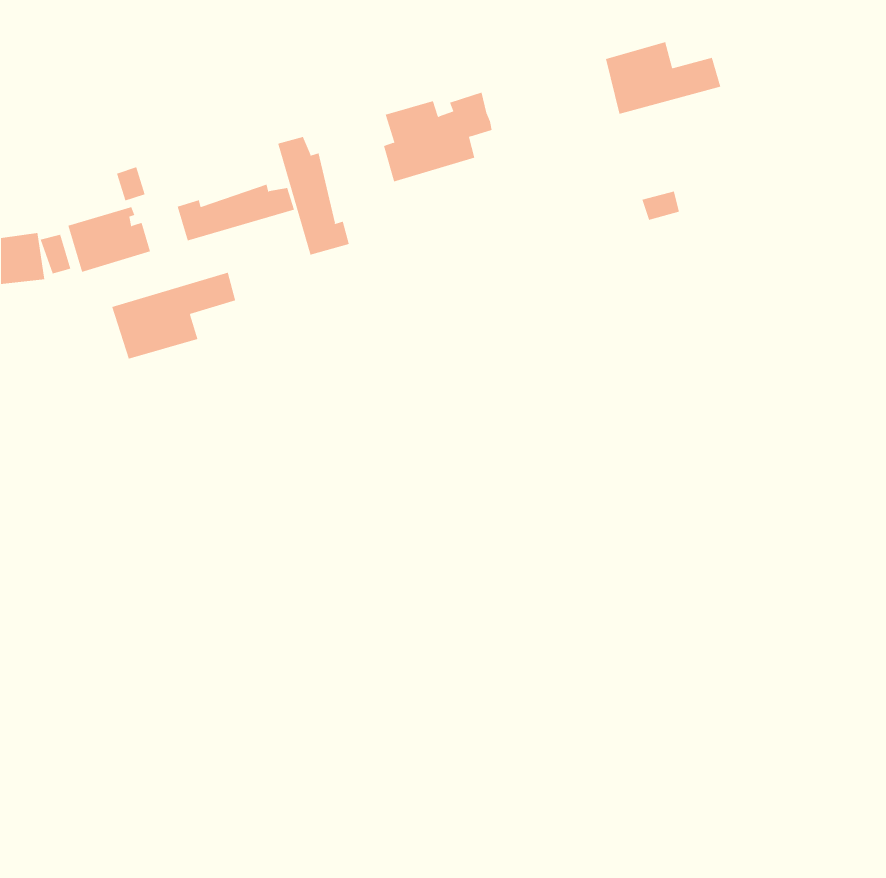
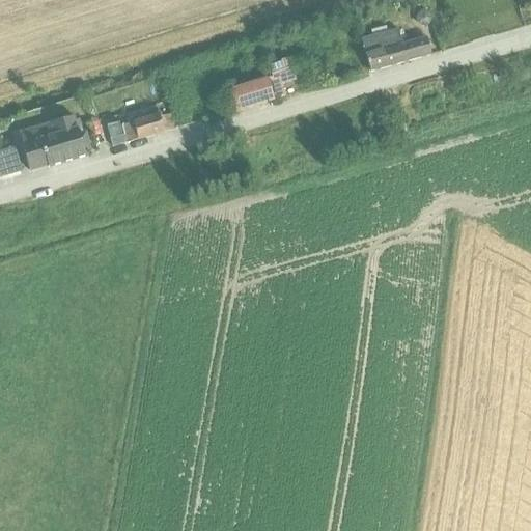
building: [278,136,350,256] -> none
building: [111,272,236,360] -> none

